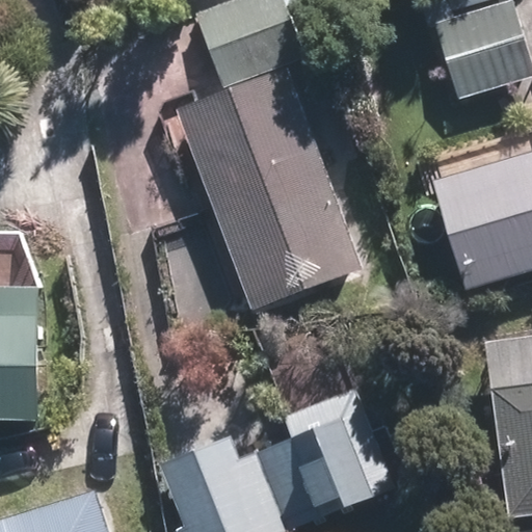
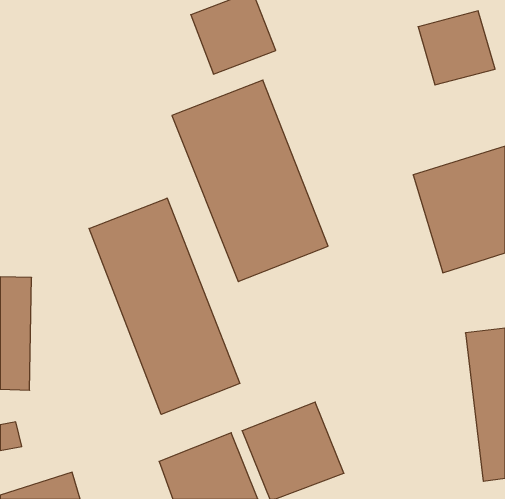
building: none -> [89,198,240,414]

